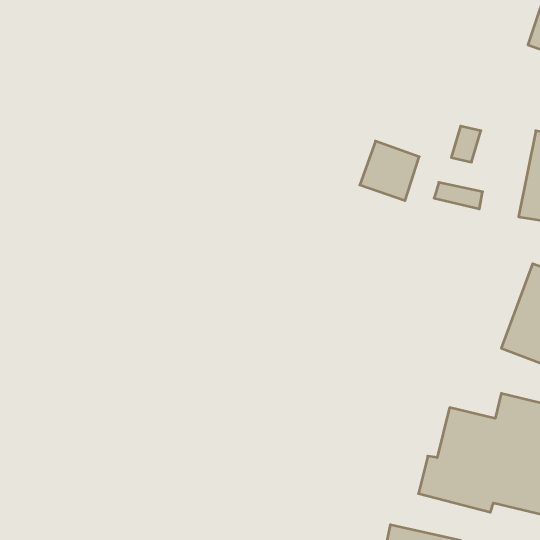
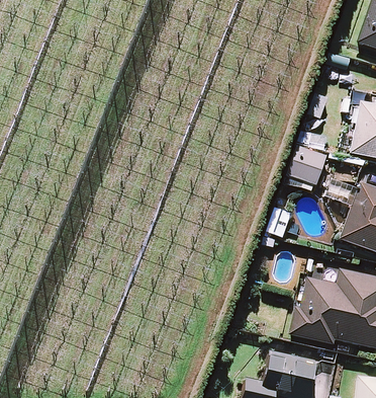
building: [360,141,419,201] -> [287,146,325,184]

